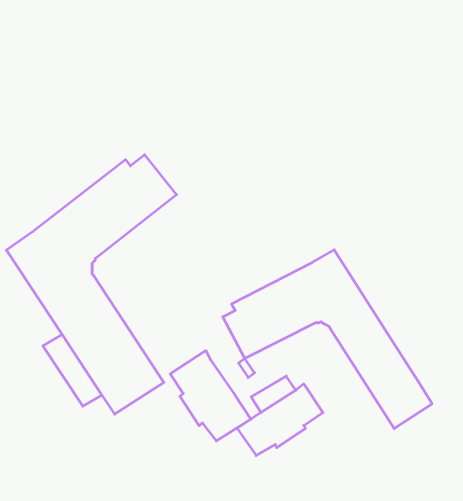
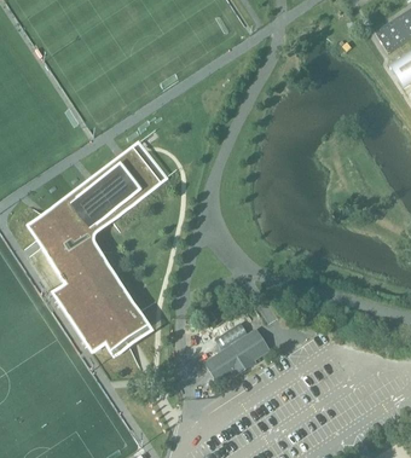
building: [223,250,432,429] -> none
building: [170,351,251,441] -> none

